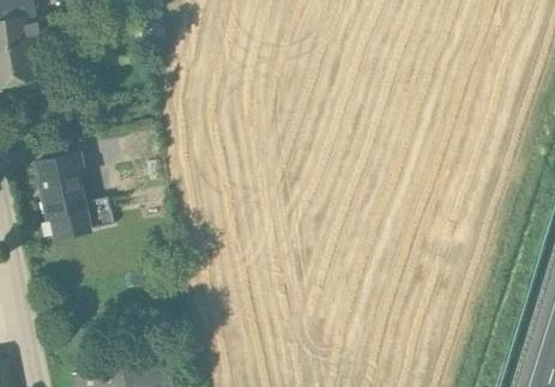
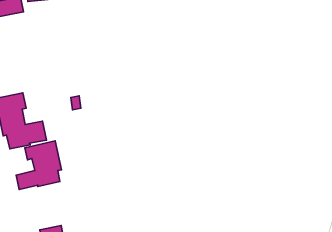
building: none -> [16,141,61,190]

